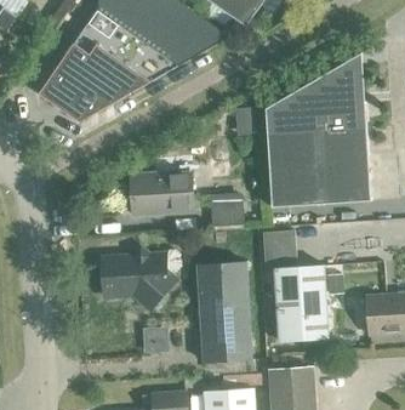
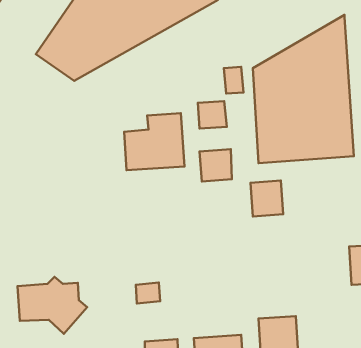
building: none -> [198,101,227,129]
building: [102,249,175,308] -> [18,277,87,334]
building: [198,262,252,361] -> none
building: [275,264,329,341] -> none

